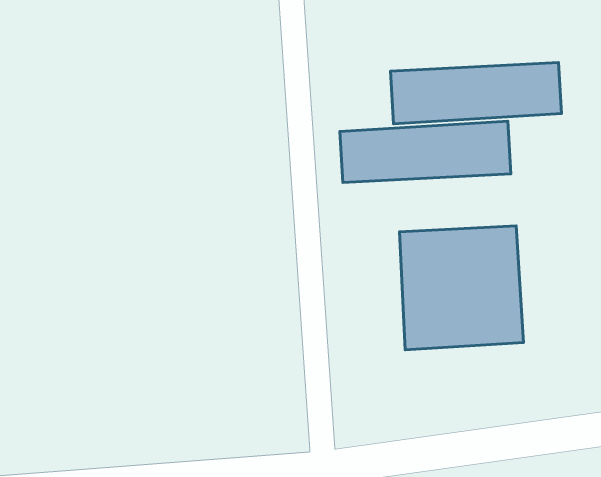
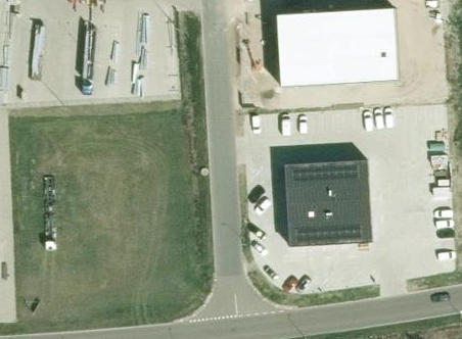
building: [340,121,511,183] -> [276,7,396,50]

